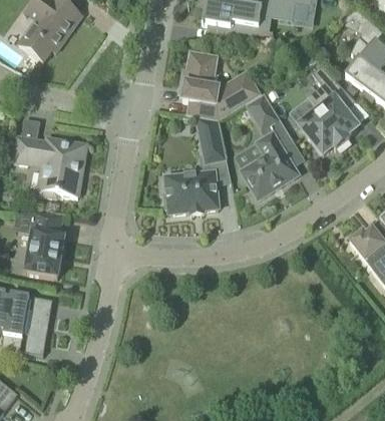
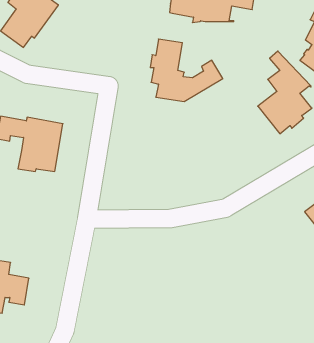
building: [241,92,298,197] -> none
building: [196,116,227,162] -> none
building: [163,170,219,213] -> none
building: [25,212,64,277] -> none

